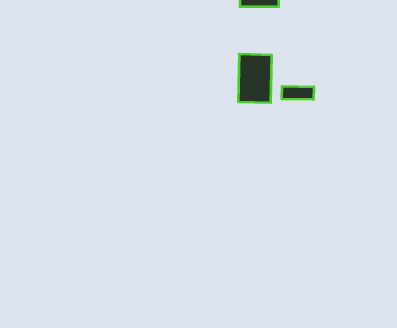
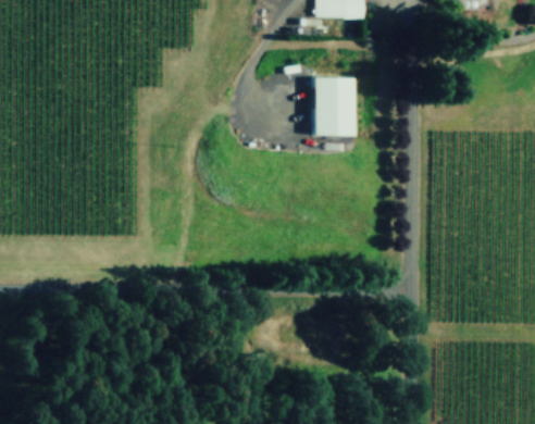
building: [282,86,314,100] -> none

